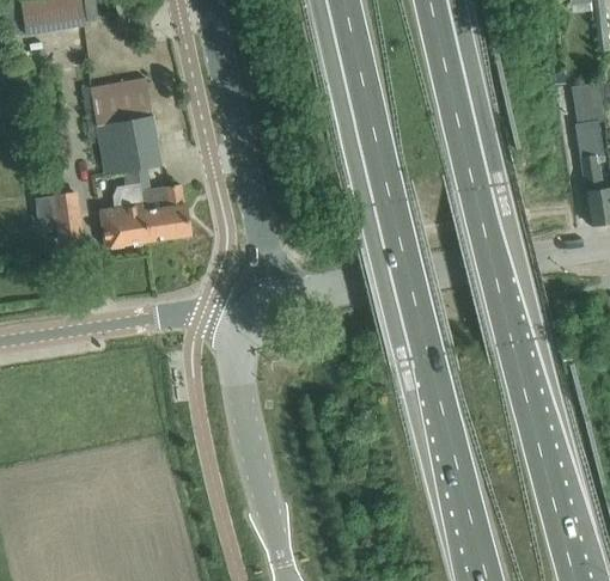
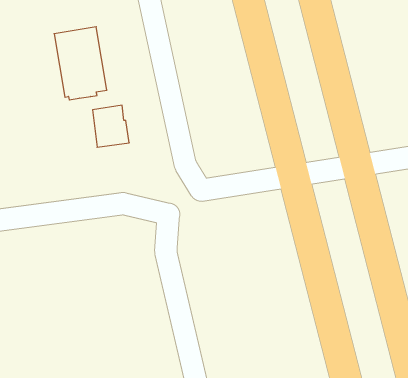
building: [100,172,148,246] -> none
building: [37,191,84,241] -> none

